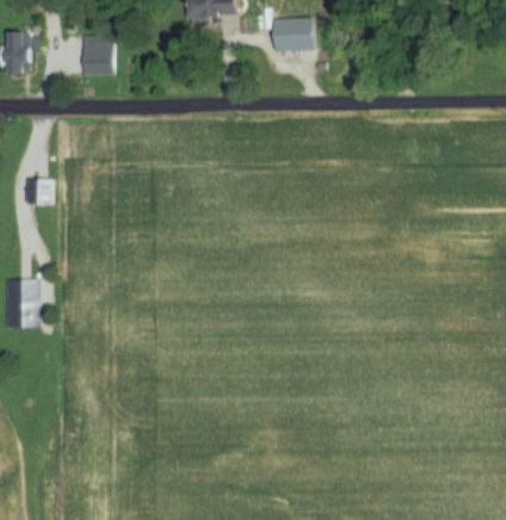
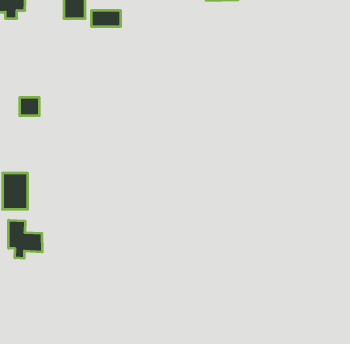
building: none -> [92,10,120,27]
building: none -> [9,220,42,258]

